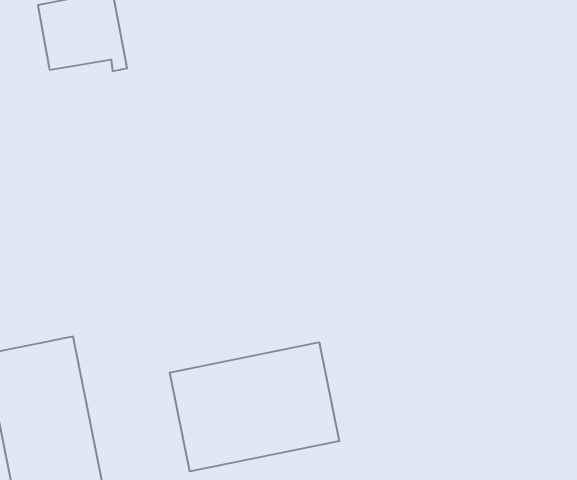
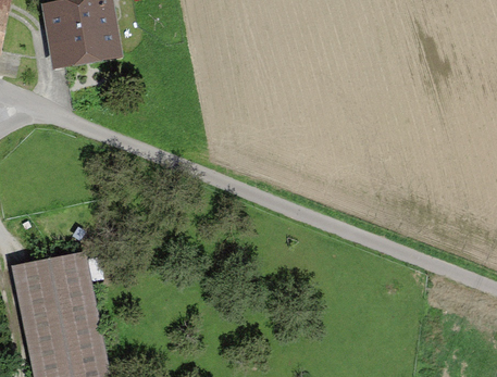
building: [170,342,339,471] -> none

